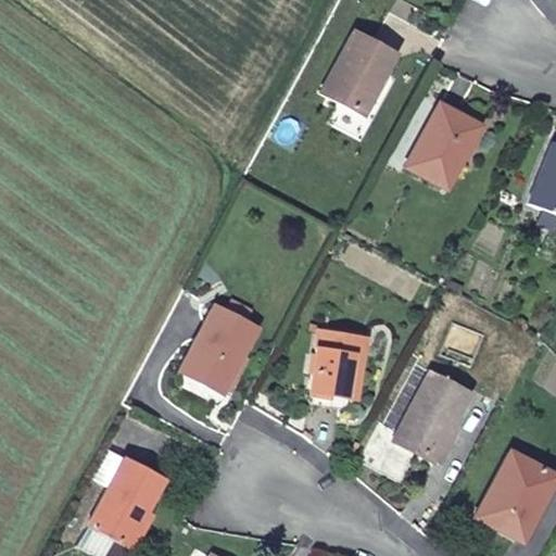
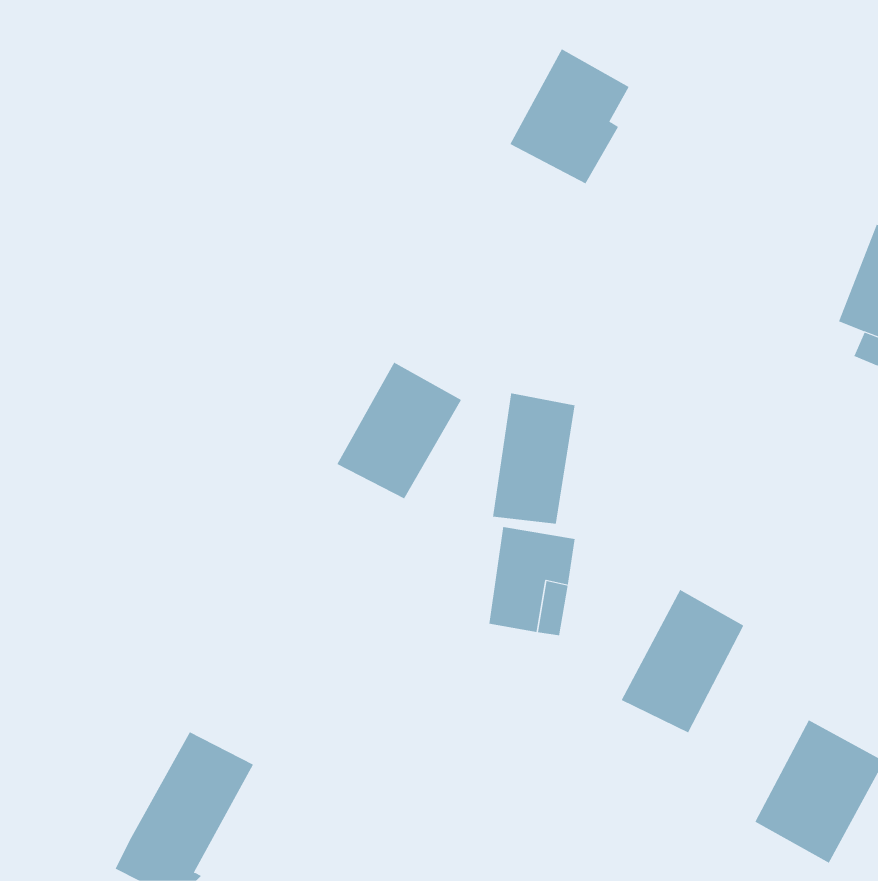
building: [406,101,481,186] -> none
building: none -> [493,393,575,524]
building: [182,304,261,390] -> [337,362,462,499]

